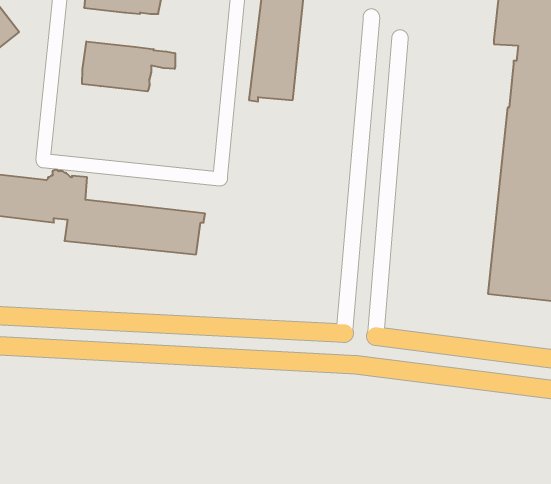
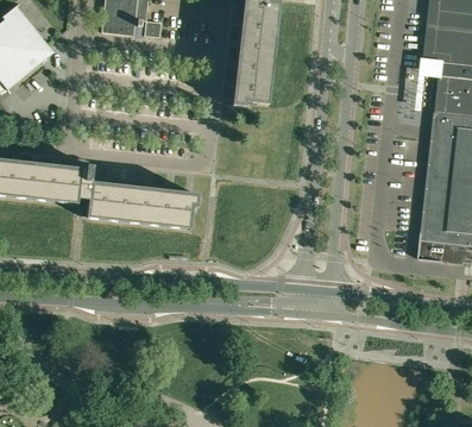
building: [82,41,175,91] -> none

